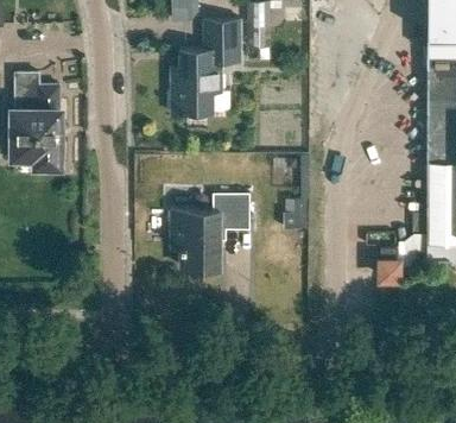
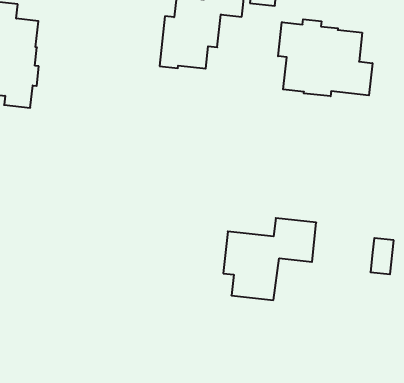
building: none -> [278,19,372,96]
building: [172,195,251,269] -> [223,218,316,300]

